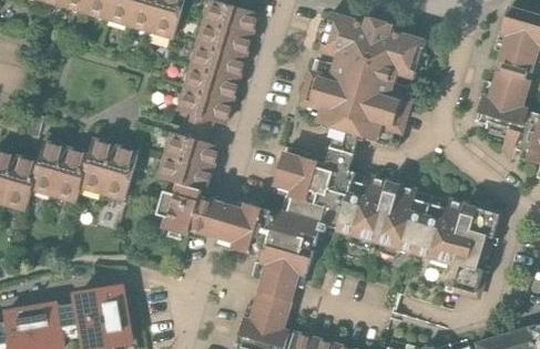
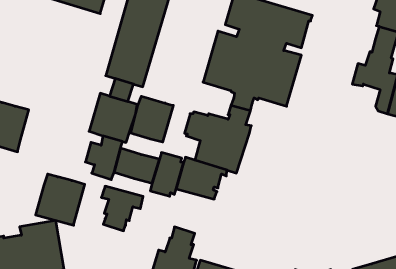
building: none -> [131,96,173,142]
building: [78,138,136,199] -> [36,174,85,225]
building: [336,175,500,292] -> none
building: [259,246,309,299] -> [101,186,143,231]

